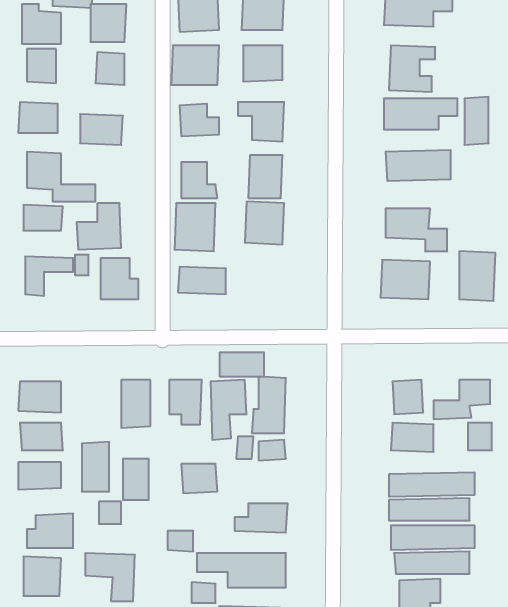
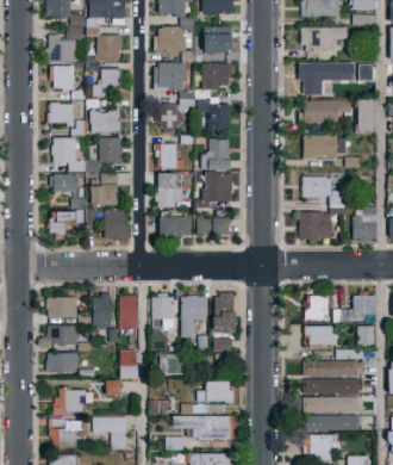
building: none -> [99,137,121,162]
building: [220,352,264,376] -> [196,218,227,235]
building: [82,442,109,492] -> [92,293,111,328]

